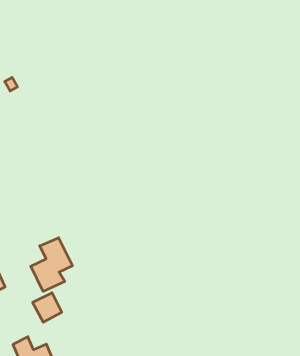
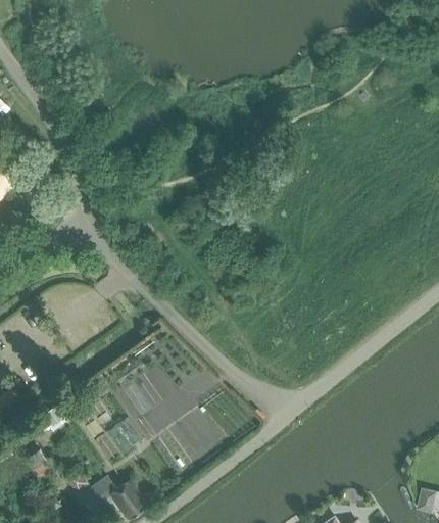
building: [31,238,72,291] -> none

